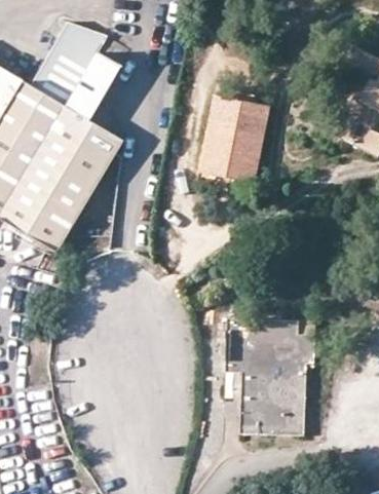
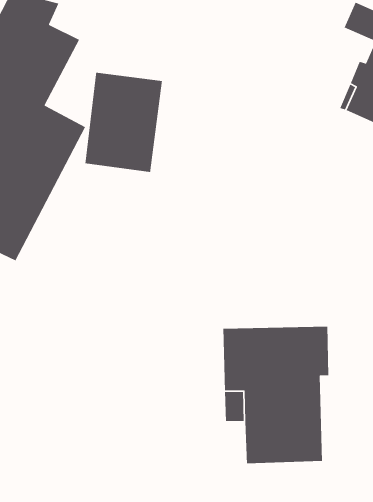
building: [199,99,270,187] -> [84,72,163,173]

